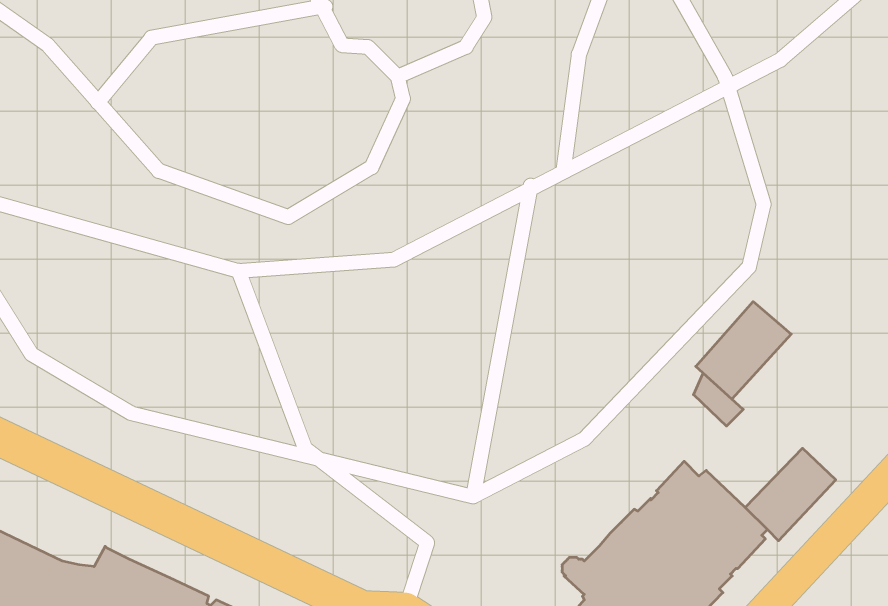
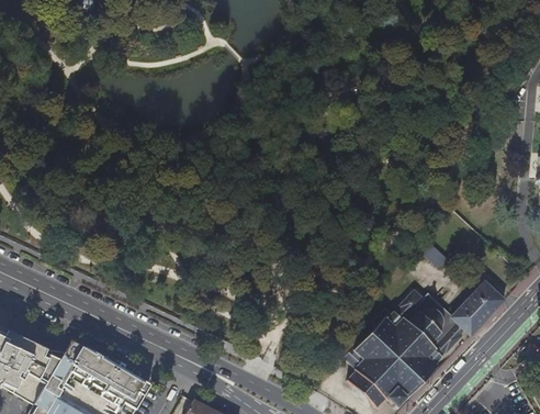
building: [696,302,791,399] -> none

